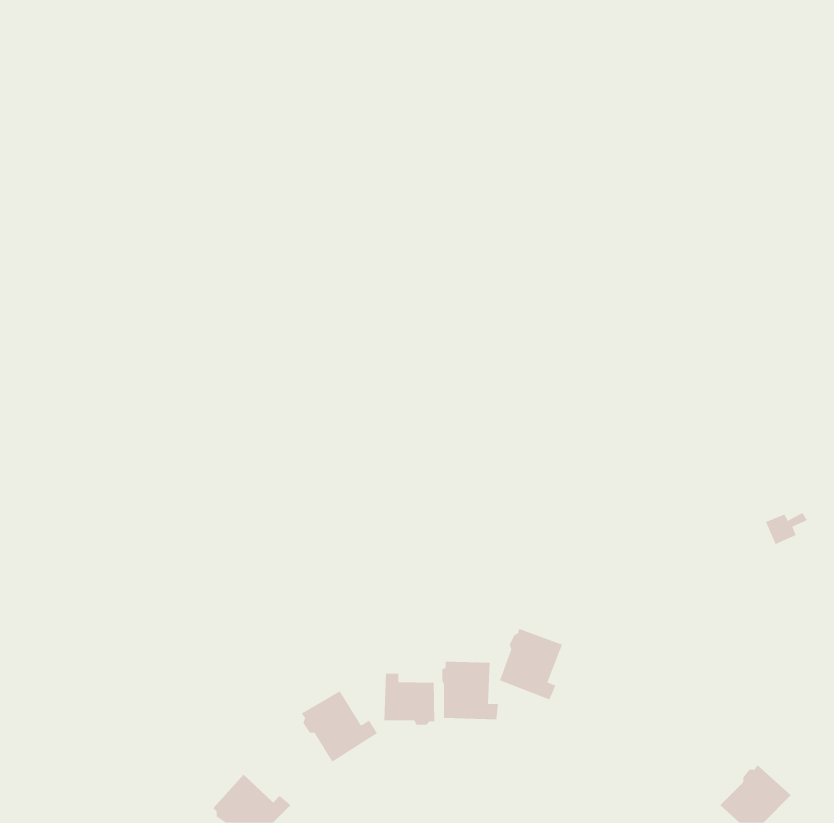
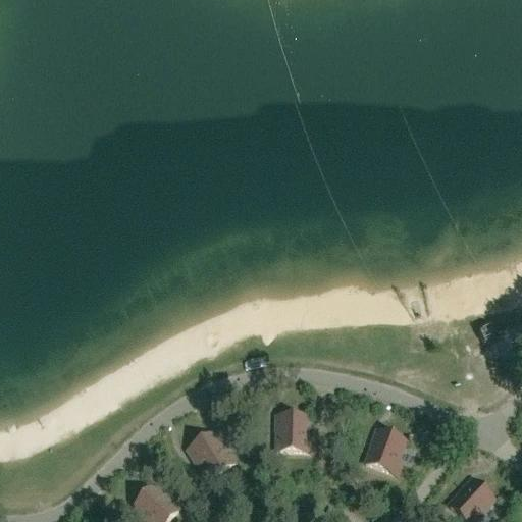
building: [499,628,563,700] -> [366,427,406,472]
building: [384,673,435,726] -> none

